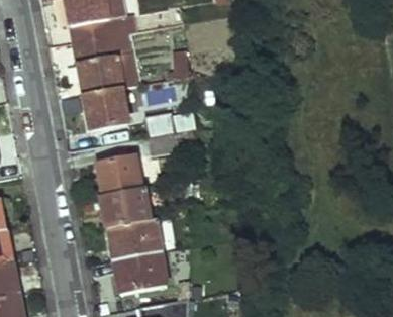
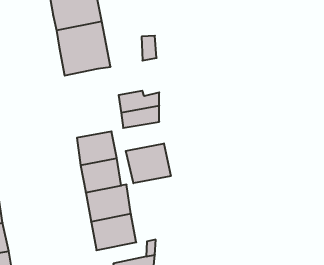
building: [83,87,127,130] -> none
building: none -> [126,143,171,183]

